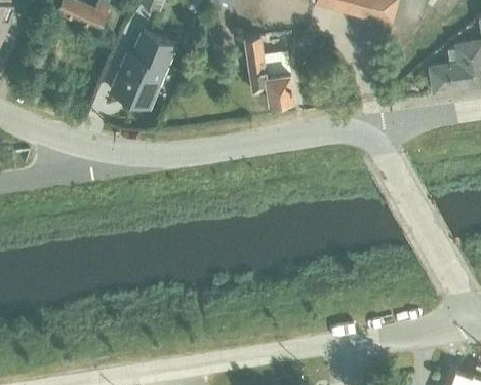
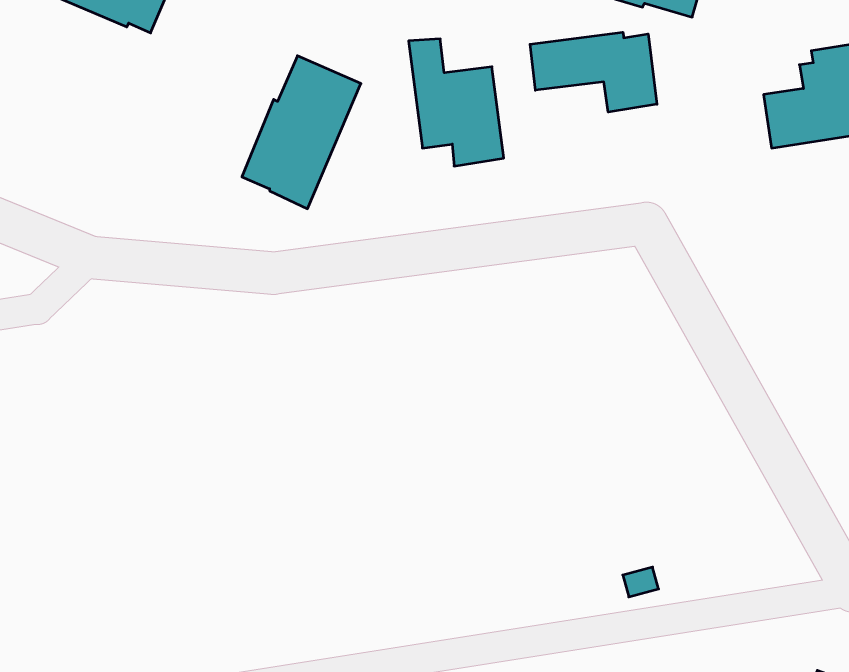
building: [112,30,173,109] -> [242,56,361,209]
building: none -> [530,32,657,112]

